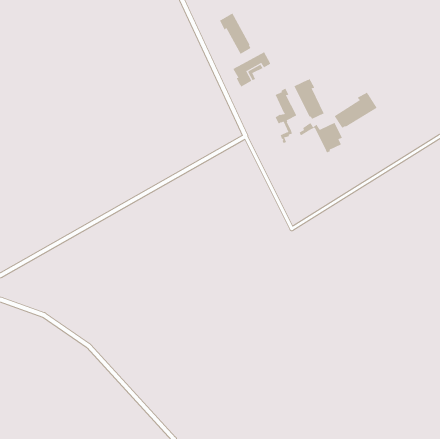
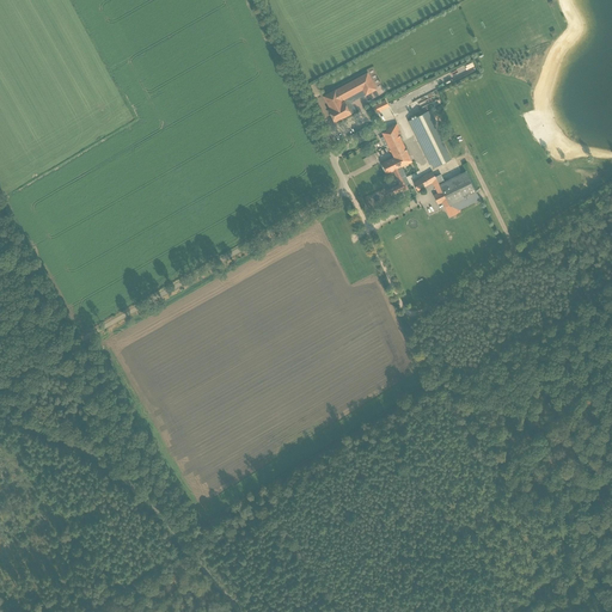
building: [219,12,251,55] -> none
building: [334,92,377,128] -> none

